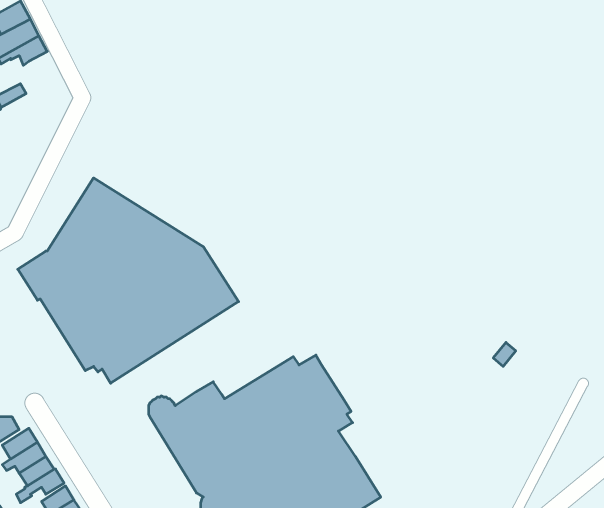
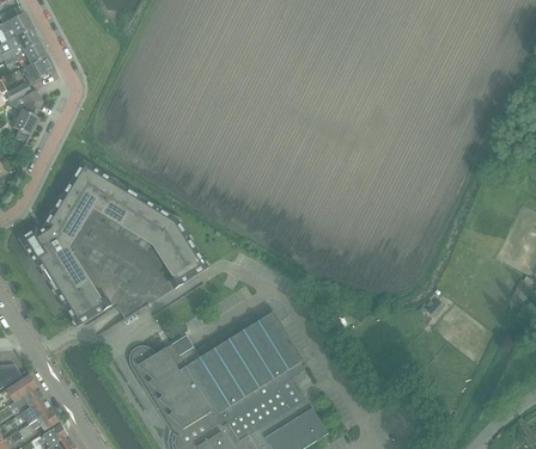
building: none -> [19,55,53,84]
building: none -> [11,90,41,144]

